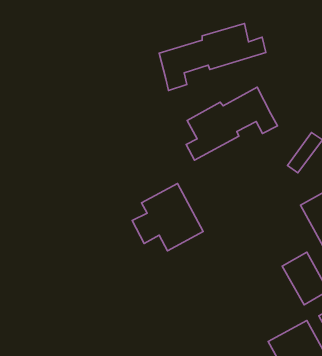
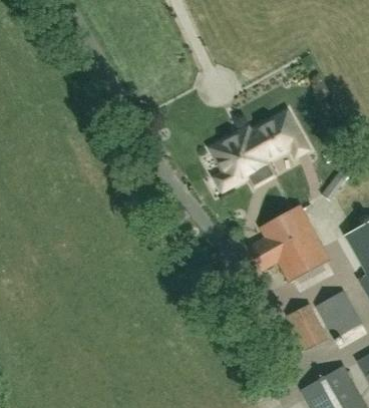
building: [159,24,266,91] -> none
building: [132,184,203,251] -> [251,206,328,279]
building: none -> [288,303,327,349]

